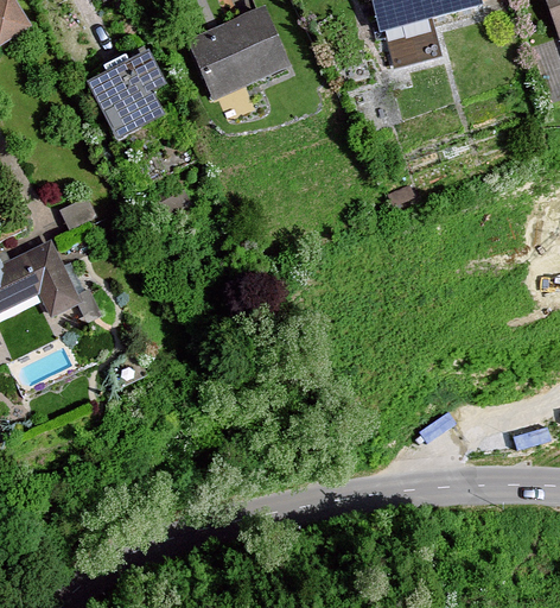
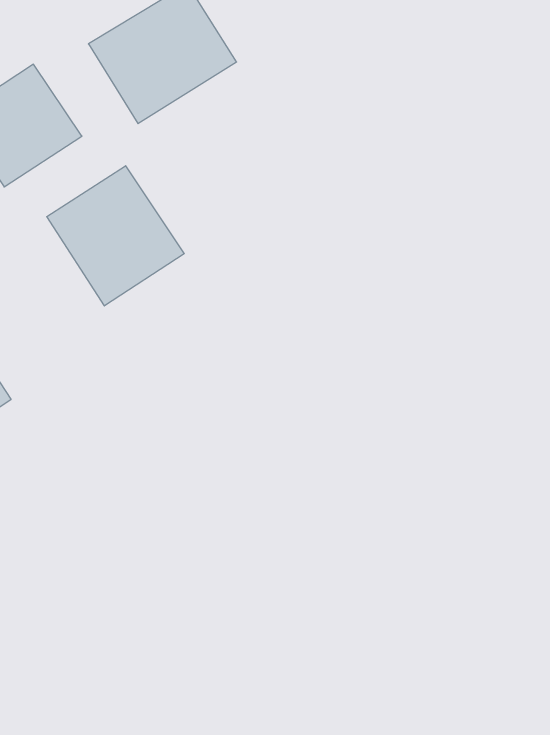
building: none -> [47,166,184,306]

